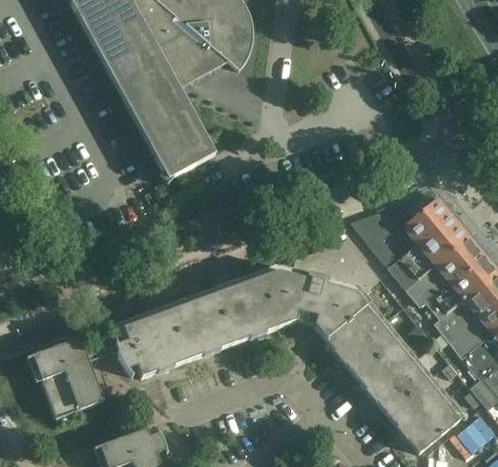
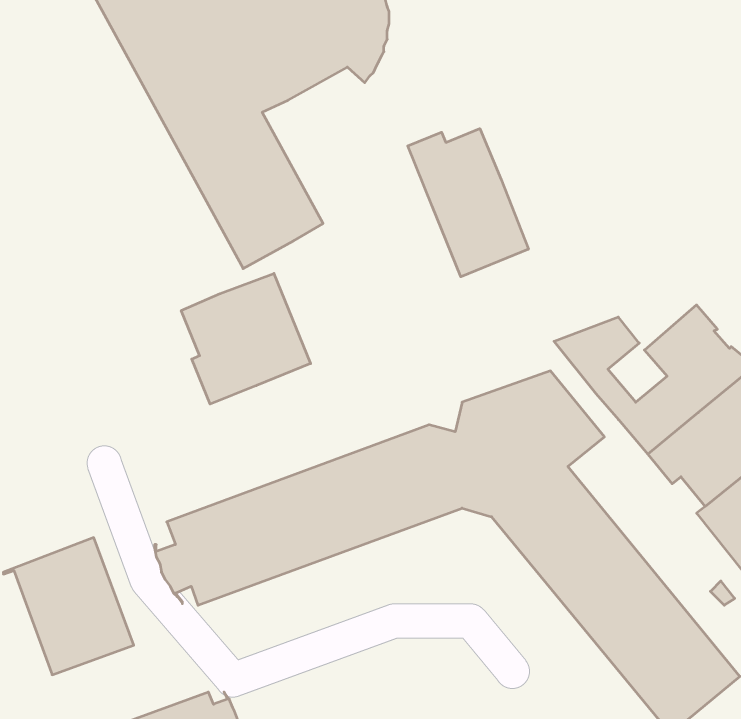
building: none -> [408,129,528,277]
building: none -> [181,273,311,404]

